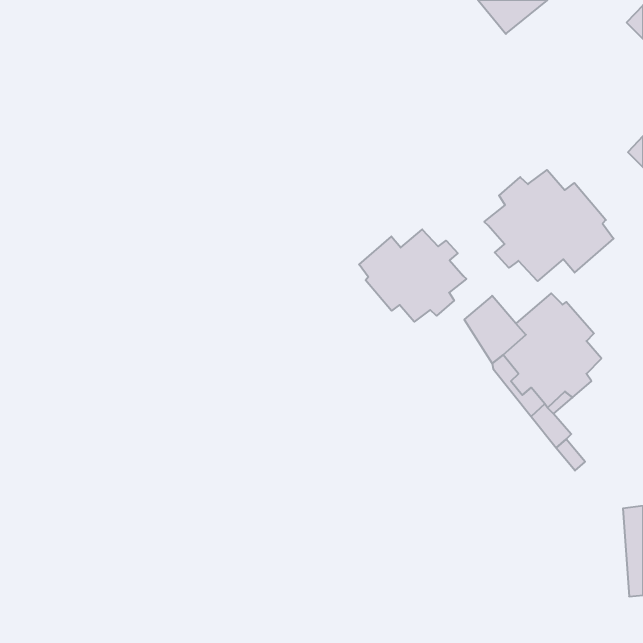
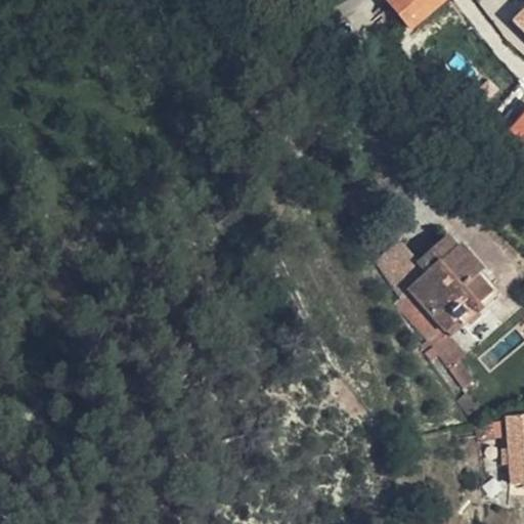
building: [484,170,614,281] -> none
building: [359,229,466,322] -> none

